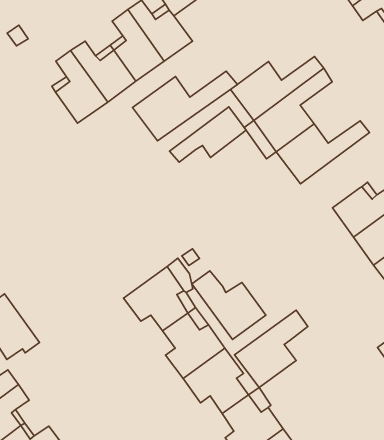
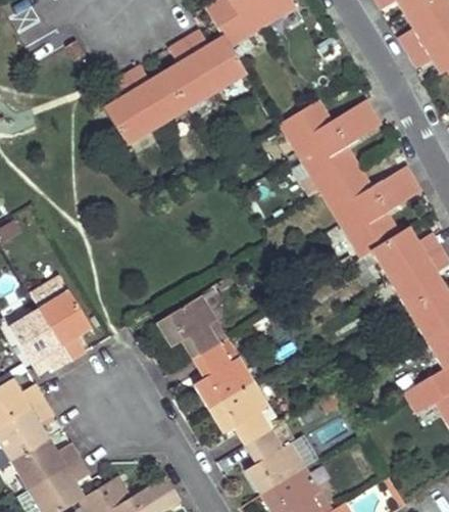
building: [133,71,237,141] -> none
building: [170,107,246,162] -> none
building: none -> [342,179,421,257]
building: [192,271,266,340] -> none
building: none -> [40,290,93,359]
building: [235,310,308,388] -> none

